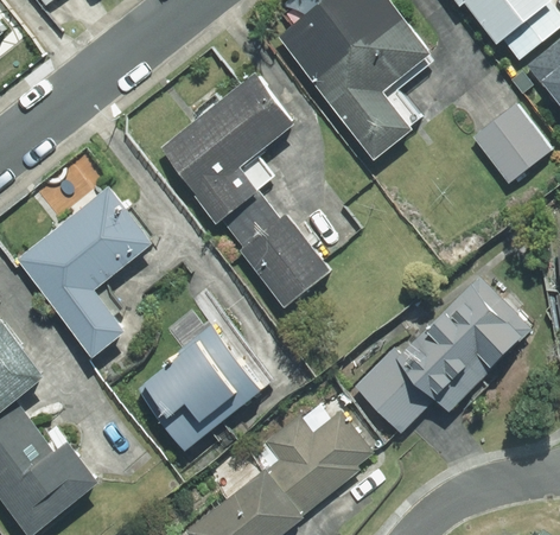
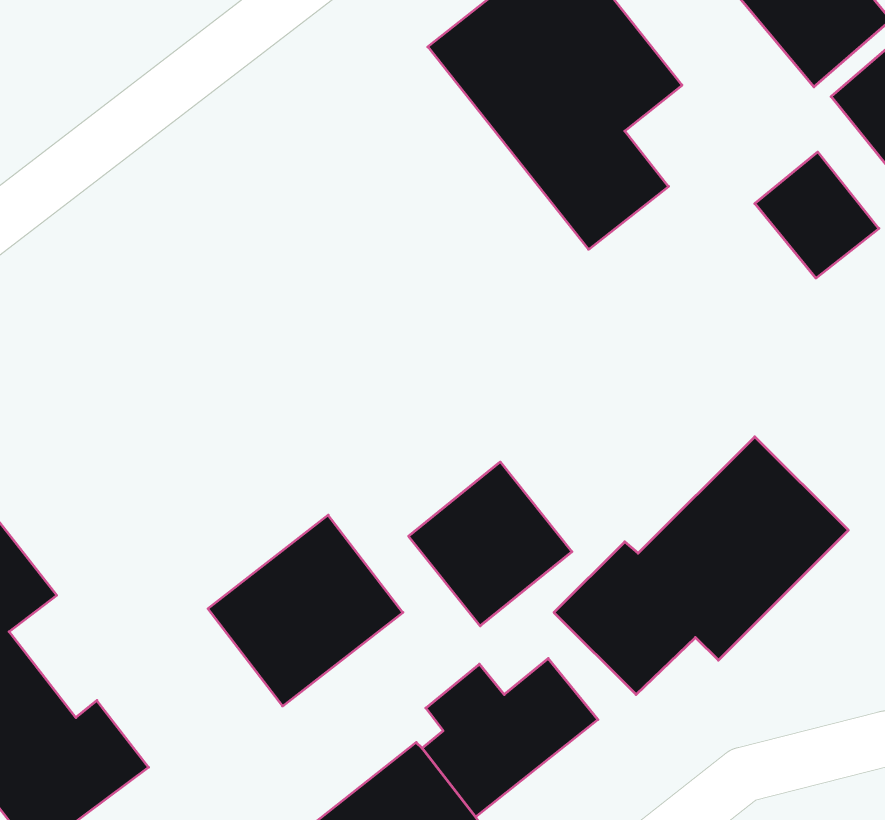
building: [159,76,333,307] -> none
building: [17,190,154,358] -> none
building: none -> [409,462,572,626]

